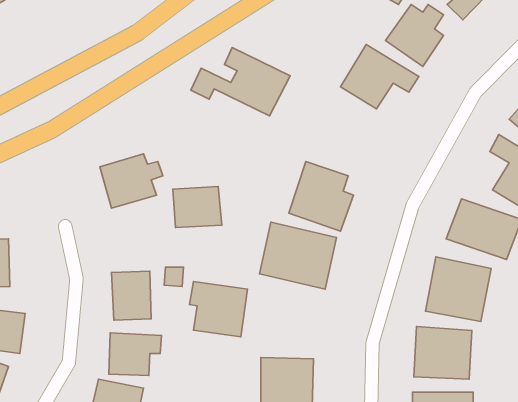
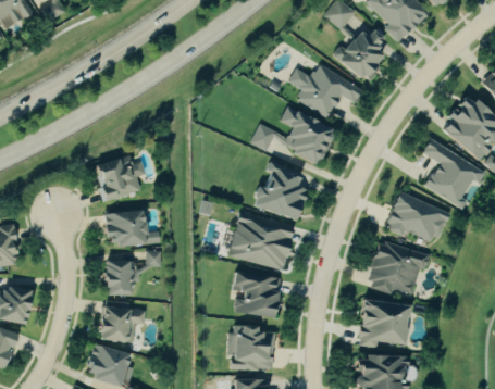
building: [191,48,290,116] -> [252,108,336,165]
building: [173,186,222,228] -> [104,212,146,247]
building: [190,281,247,337] -> [232,272,281,318]

